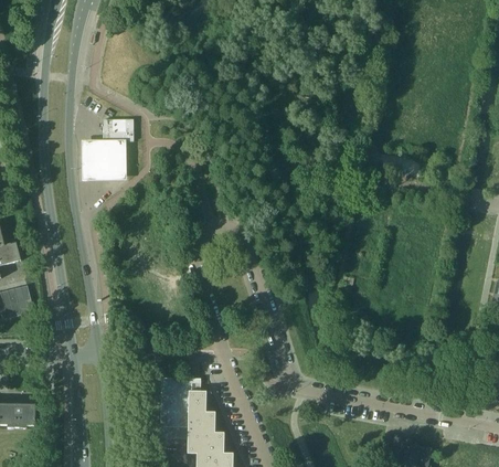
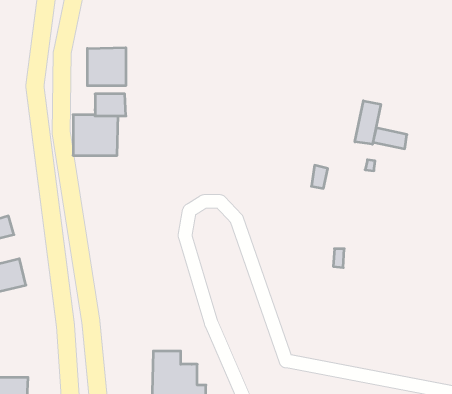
building: none -> [87,48,126,86]
building: none -> [355,101,381,144]

